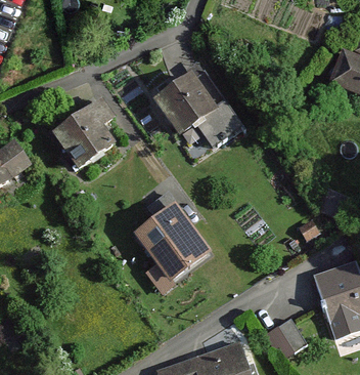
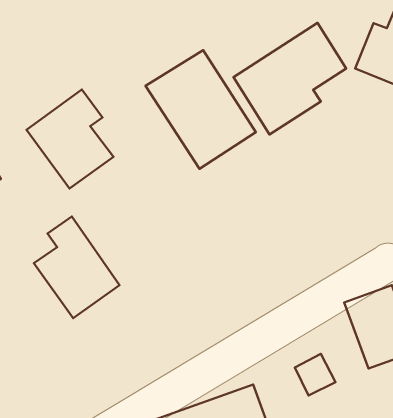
building: none -> [233,23,346,135]
building: [135,194,207,279] -> [34,217,120,318]

